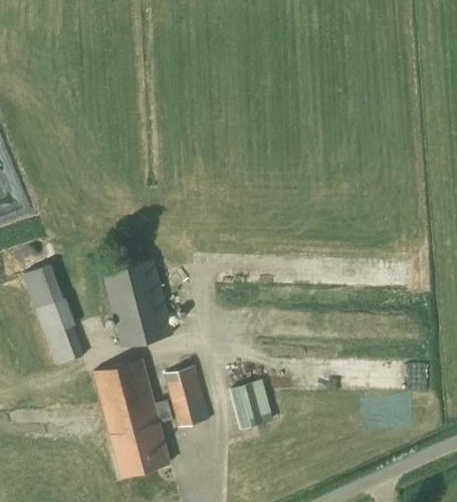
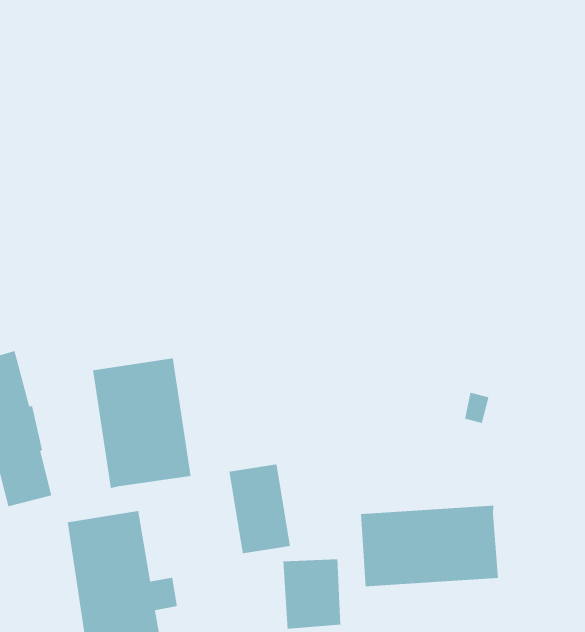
building: none -> [360,505,499,587]
building: [164,366,209,428] -> [229,463,291,554]

